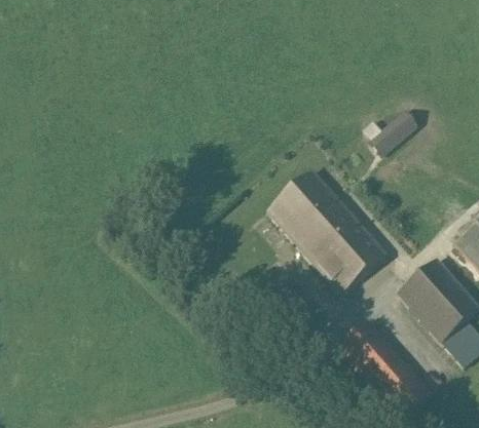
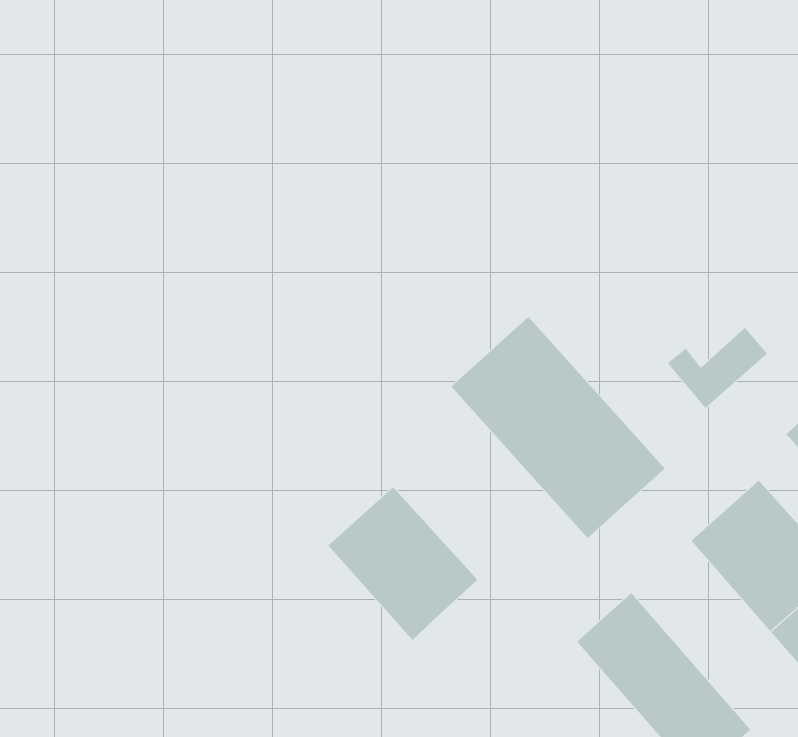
building: [363,110,417,154] -> [667,327,768,409]
building: none -> [327,486,478,641]

